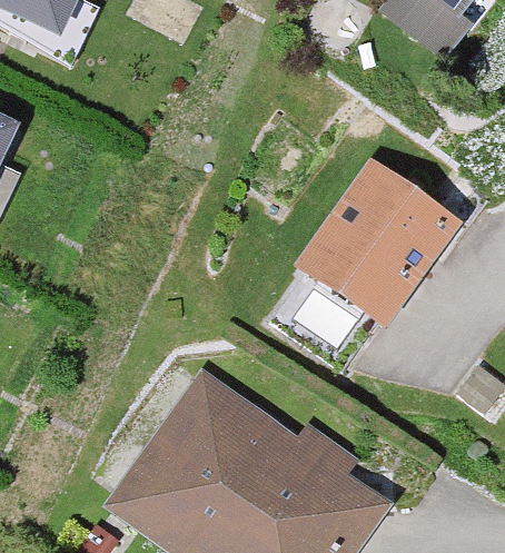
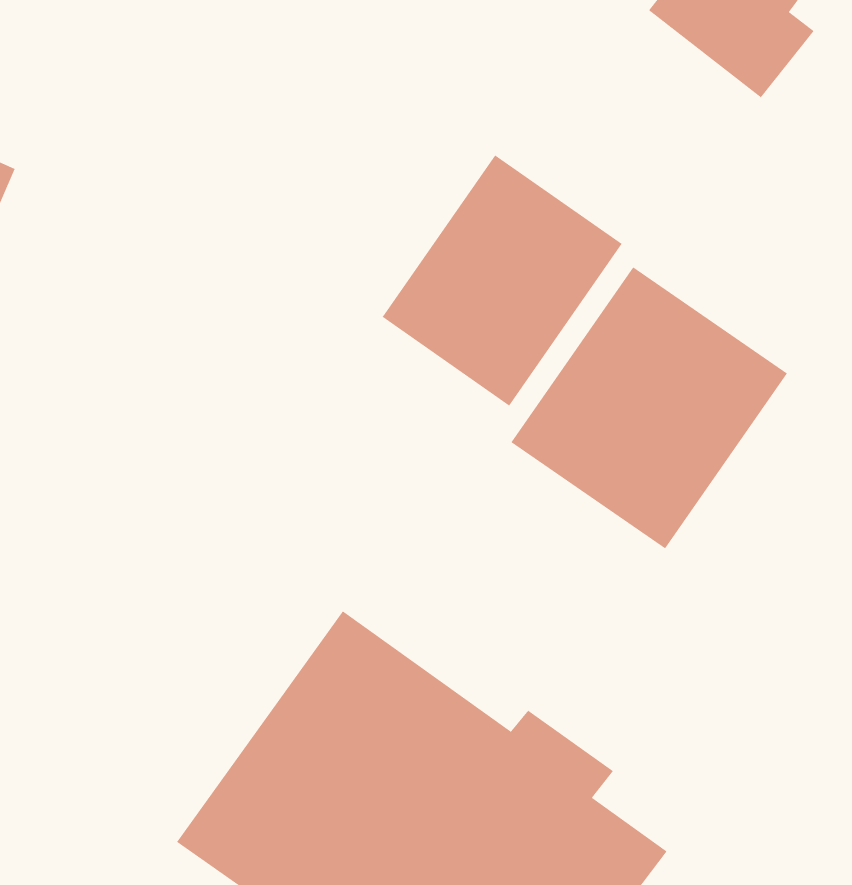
building: none -> [382,154,622,406]

